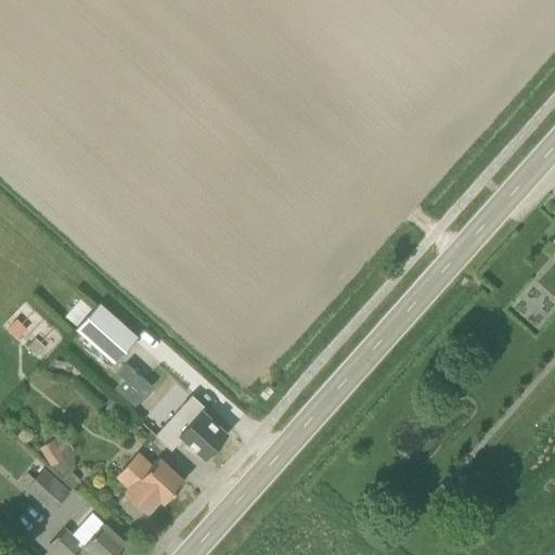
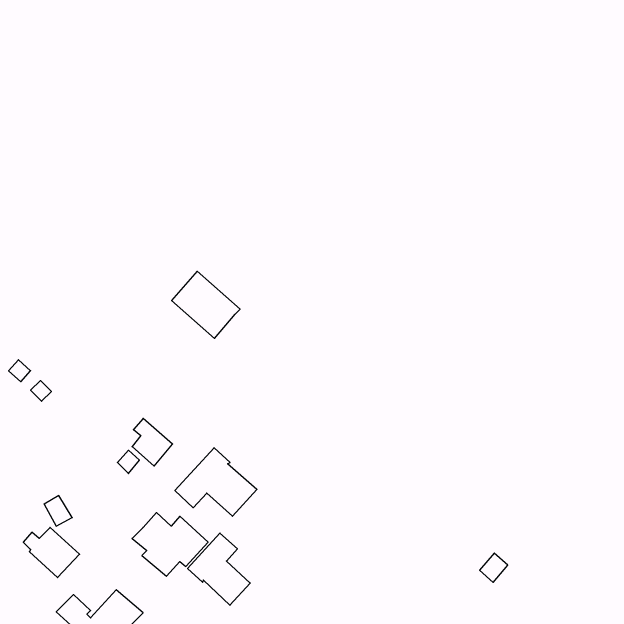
building: [78,304,139,363] -> [172,271,240,338]
building: none -> [188,533,250,605]

